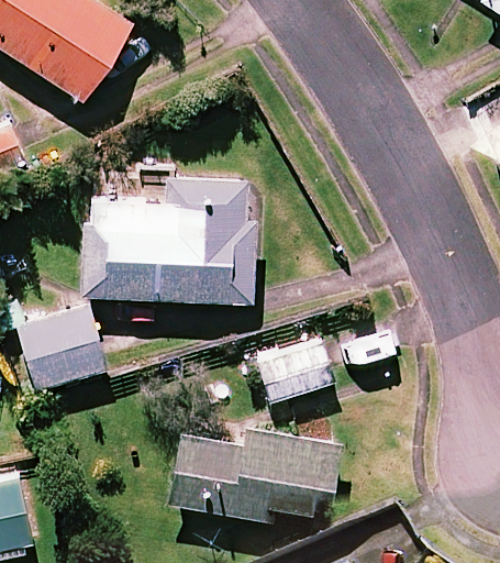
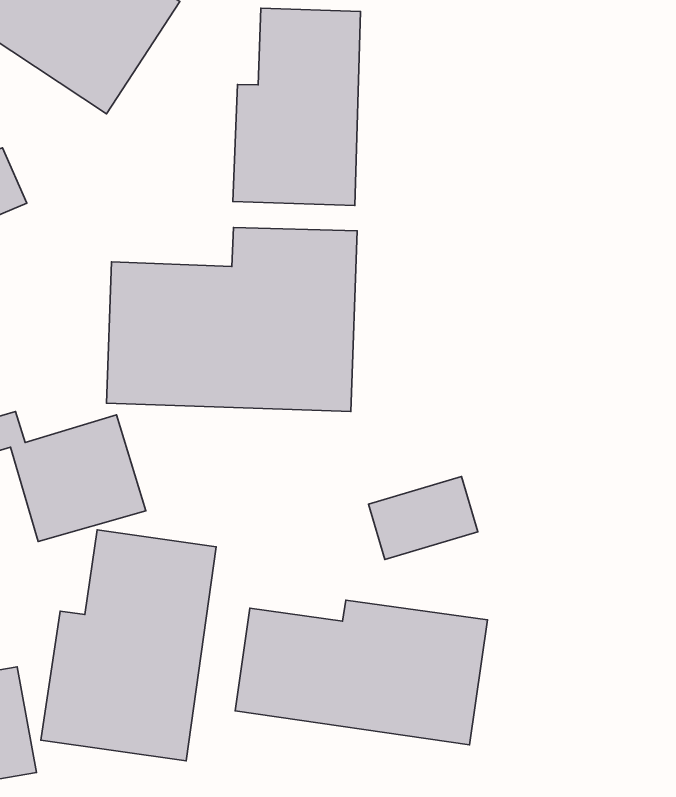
building: none -> [233,8,360,205]
building: none -> [41,530,216,761]

